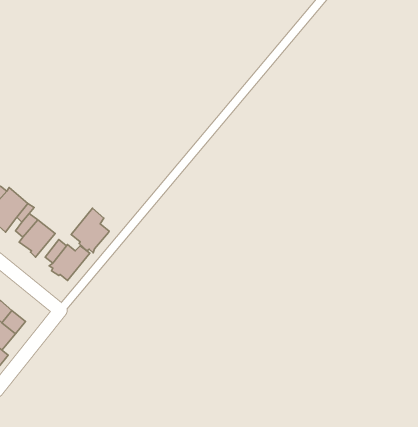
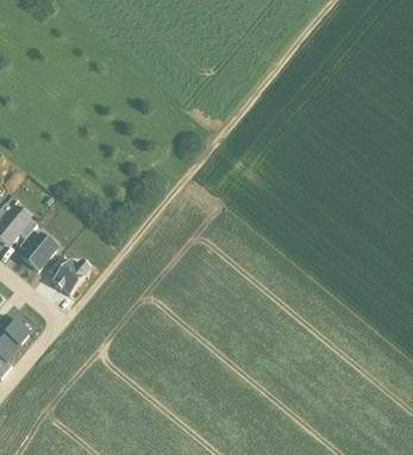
building: [71,208,109,253] -> none

